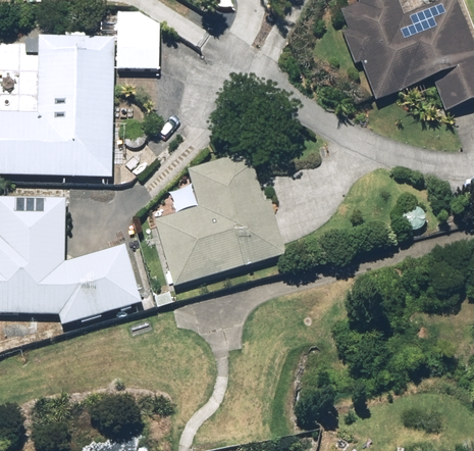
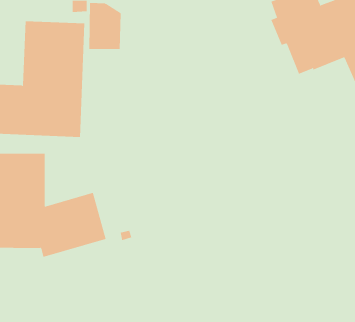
building: [150,149,285,285] -> none

